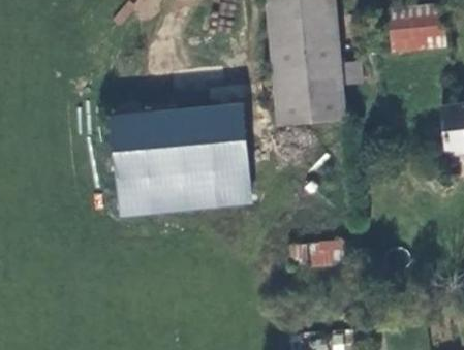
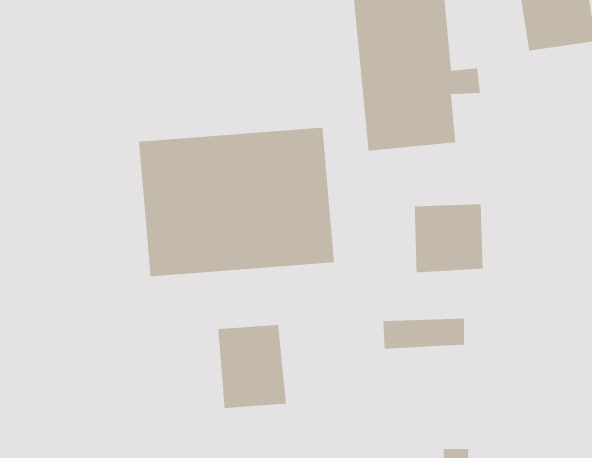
building: none -> [414,203,483,273]
building: none -> [218,324,287,409]

